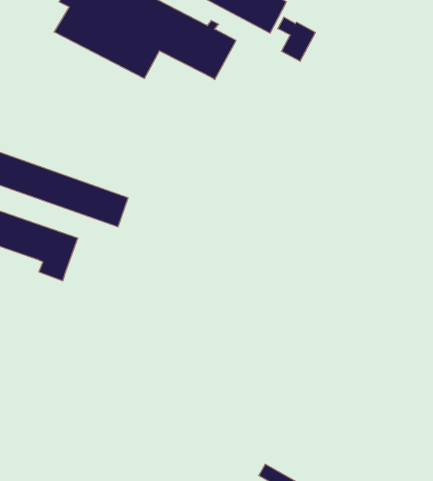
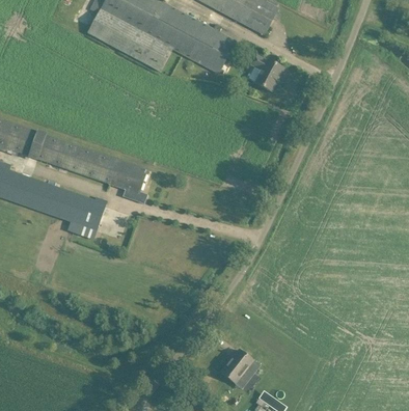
building: [278,17,315,61] -> [252,55,283,91]
building: none -> [221,350,253,383]

